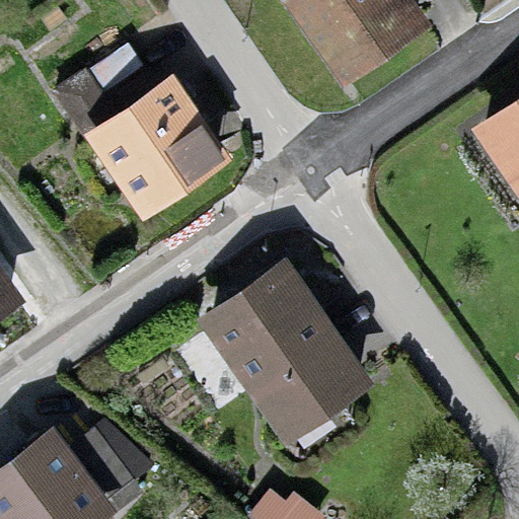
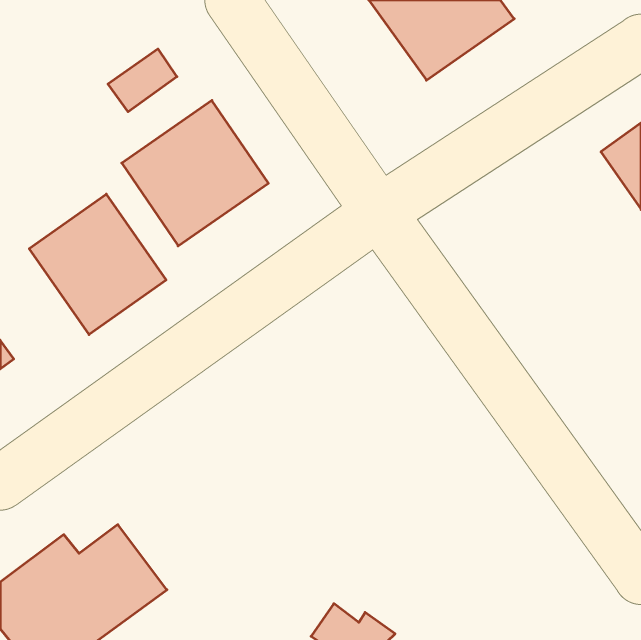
building: none -> [29,194,166,335]
building: [212,265,359,423] -> none

